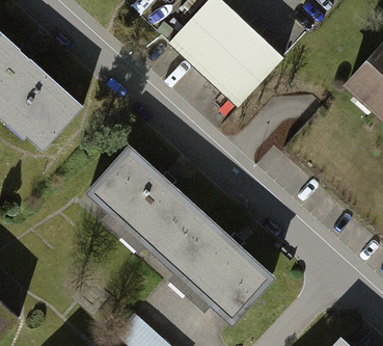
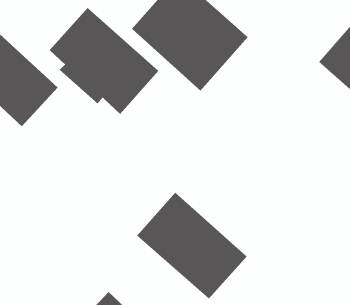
building: [90,150,202,259] -> [49,7,159,115]

